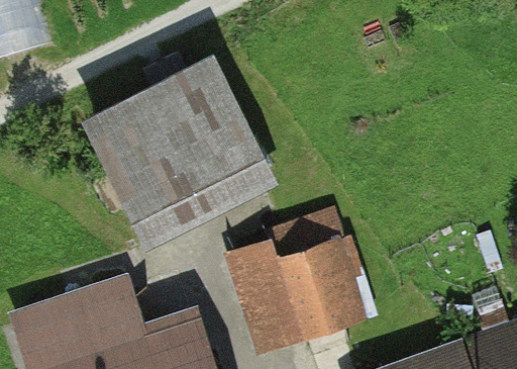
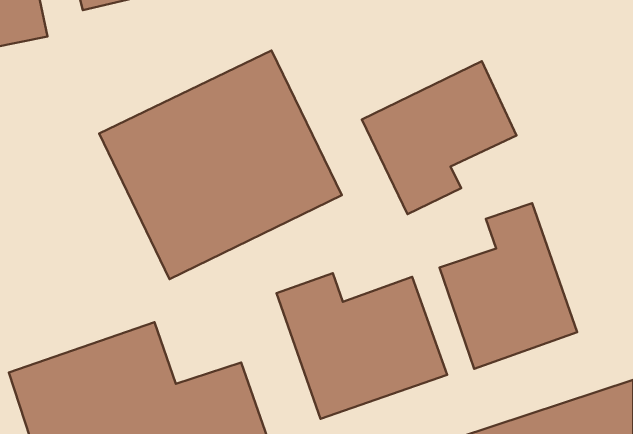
building: none -> [362,61,517,214]
building: none -> [439,203,577,369]

